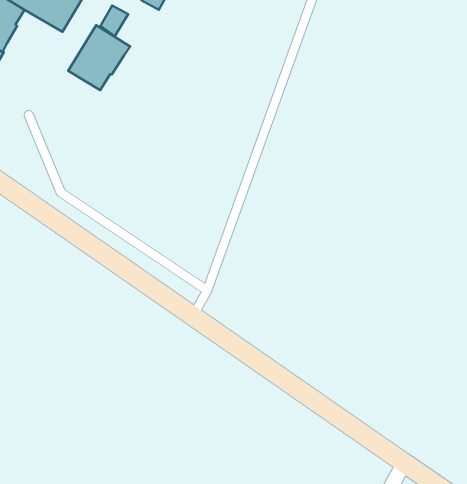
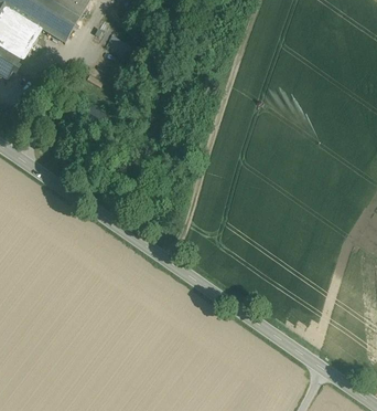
building: [68,25,130,90] -> none

